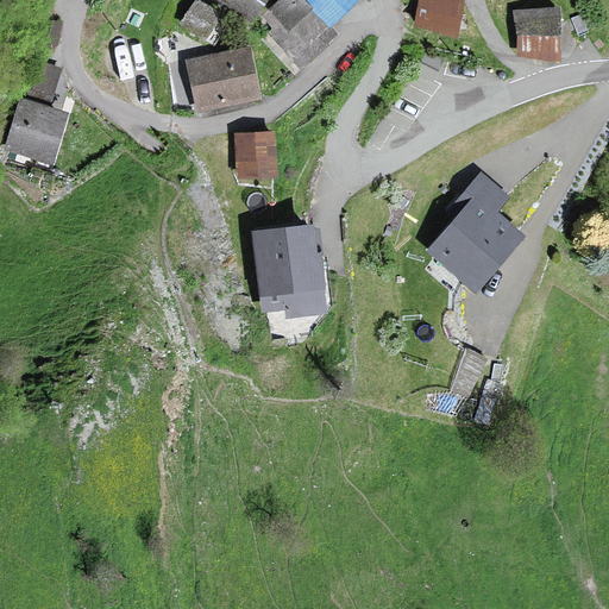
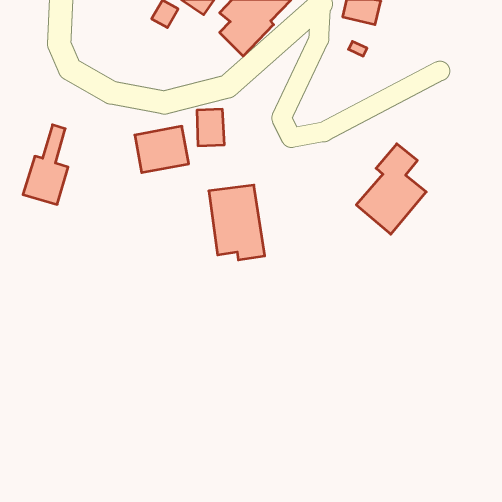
building: [520,8,558,54] -> none
building: [189,50,255,106] -> [135,126,189,173]
building: [8,62,63,158] -> [23,125,68,204]

